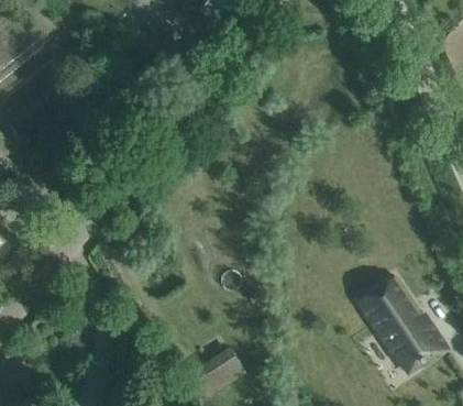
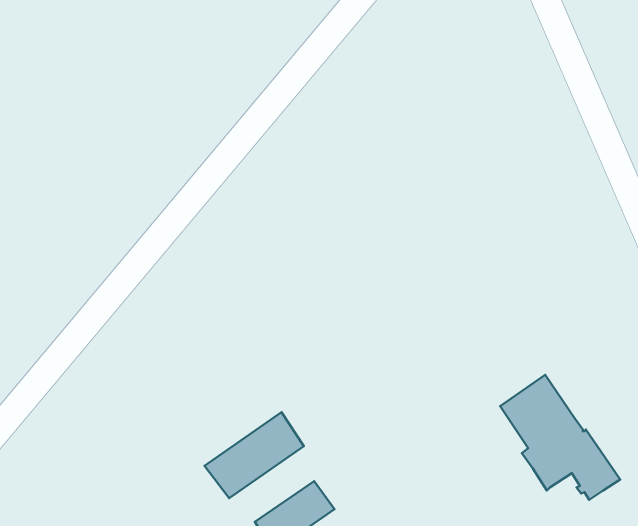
building: none -> [204,412,304,498]

